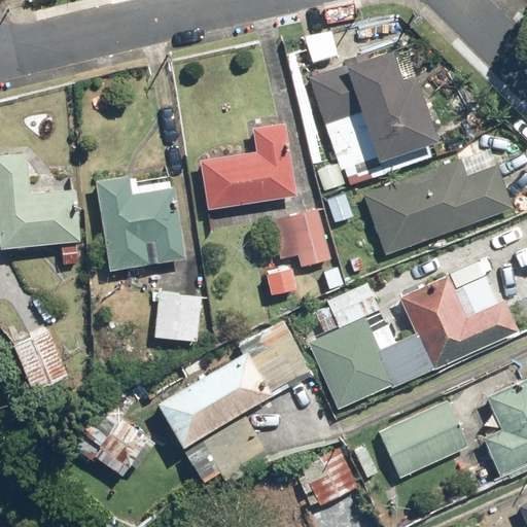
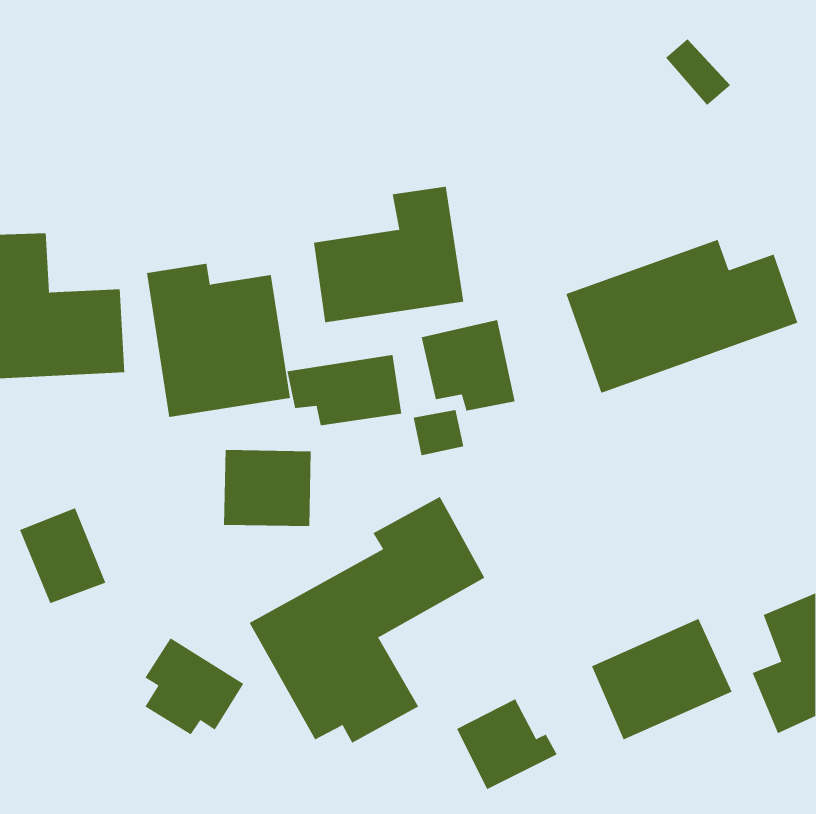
building: [309,47,442,194] -> none
building: none -> [287,354,402,426]
building: [309,277,519,410] -> none

